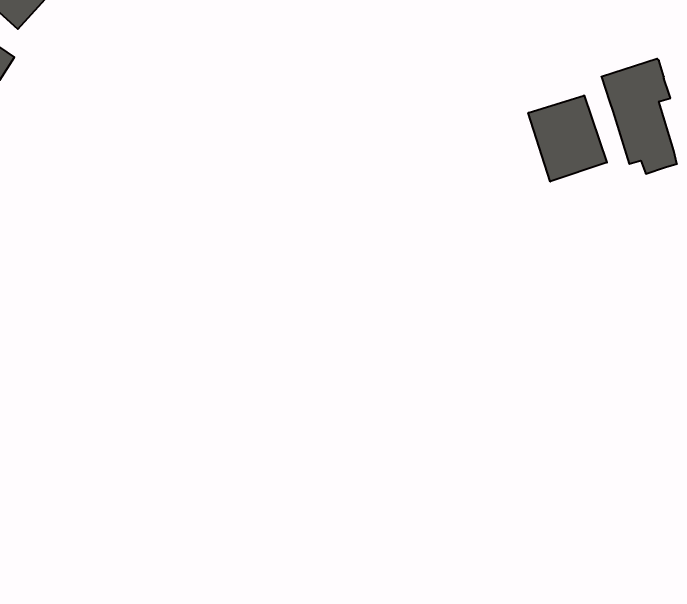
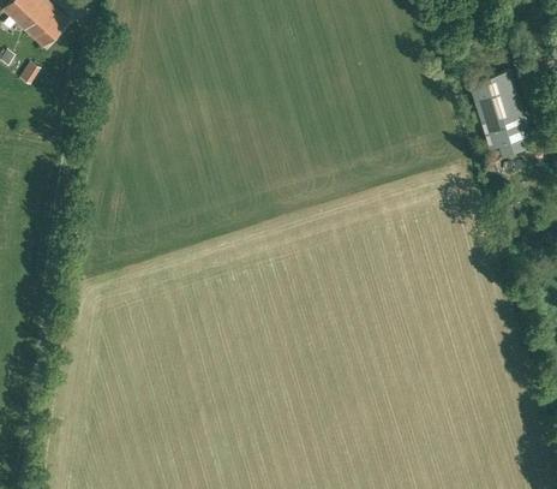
building: [528,95,607,182] -> none

